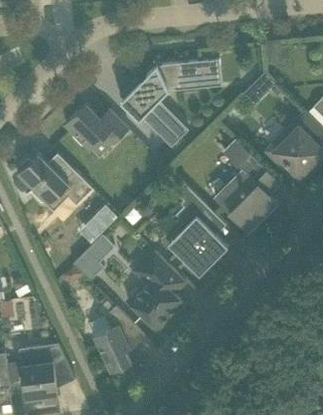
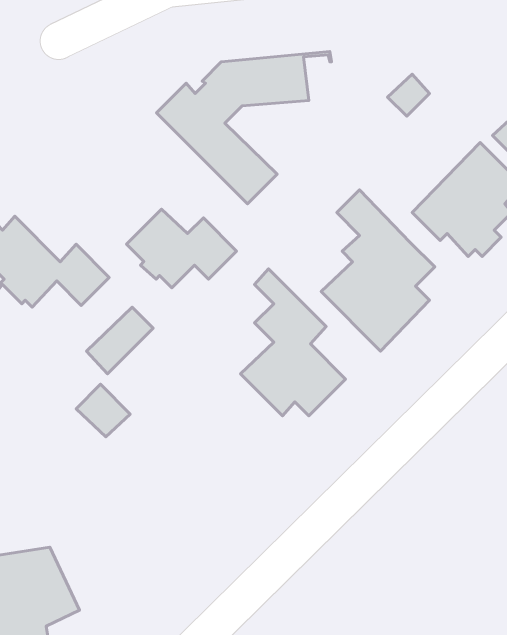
building: [65,105,129,150] -> [126,209,237,288]
building: [131,251,186,332] -> none
building: [94,306,145,374] -> none

